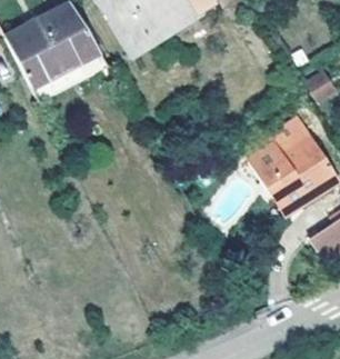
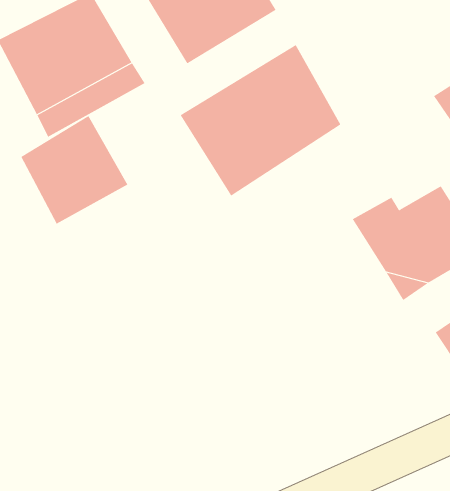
building: none -> [180,44,341,196]
building: none -> [21,115,128,225]

